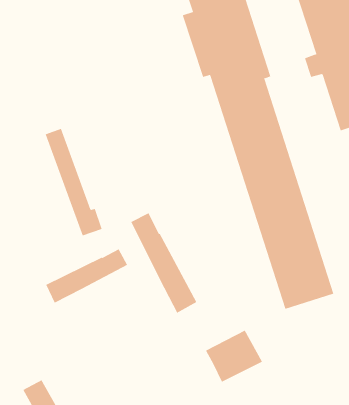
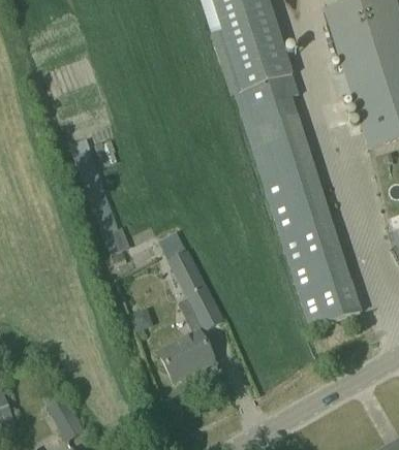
building: [45,249,128,304] -> none
building: [205,330,263,382] -> [157,328,215,381]

